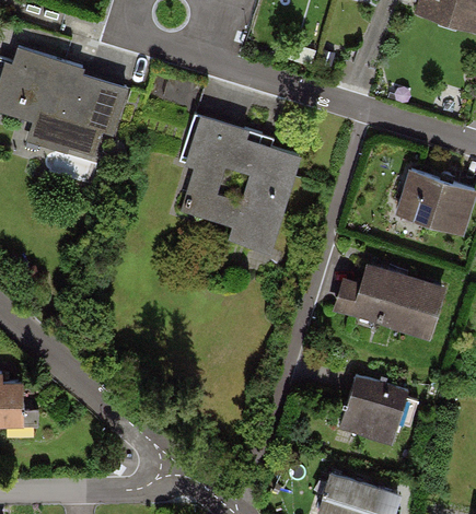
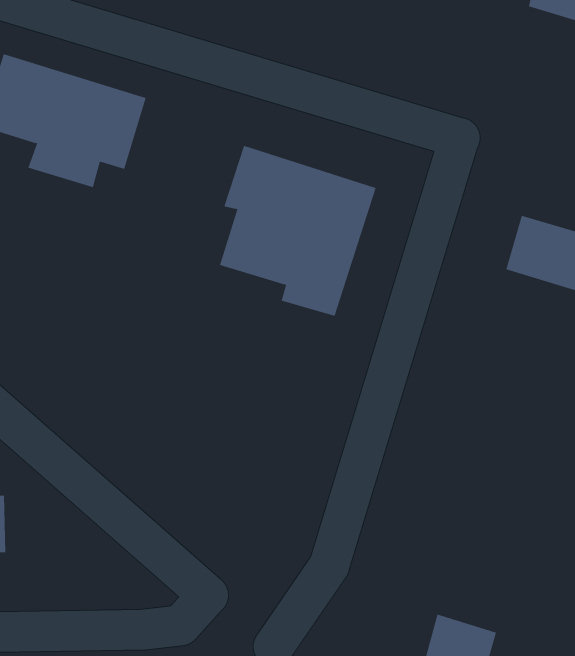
building: [332,266,442,337] -> none
building: [340,376,409,445] -> none

